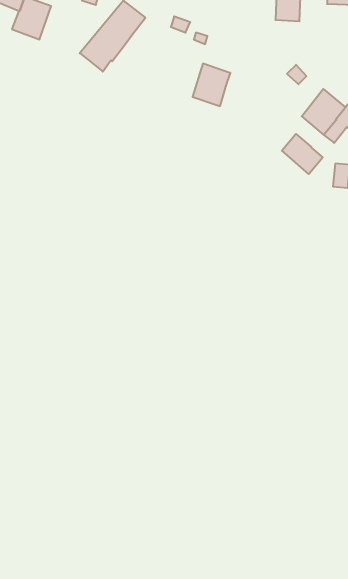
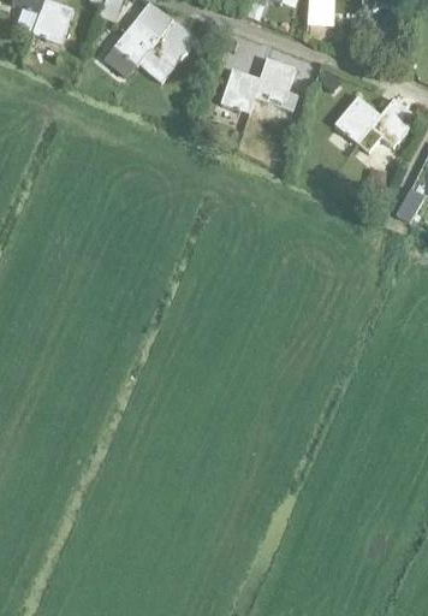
building: none -> [150,19,196,67]
building: none -> [255,57,296,105]
building: [282,134,323,174] -> none

